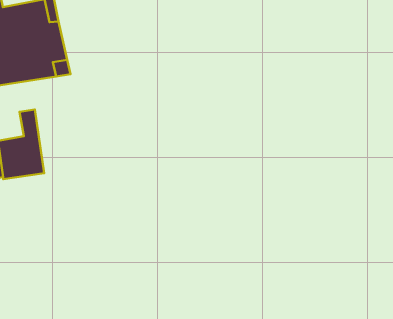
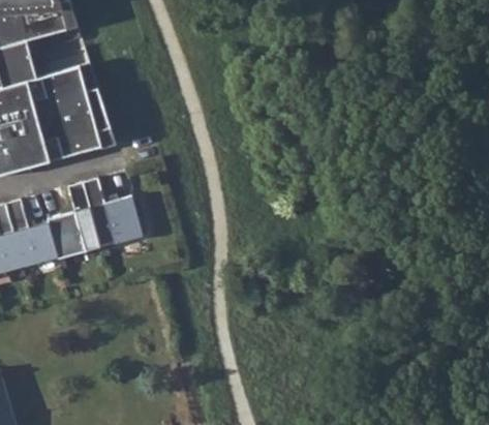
building: none -> [81,180,141,249]

